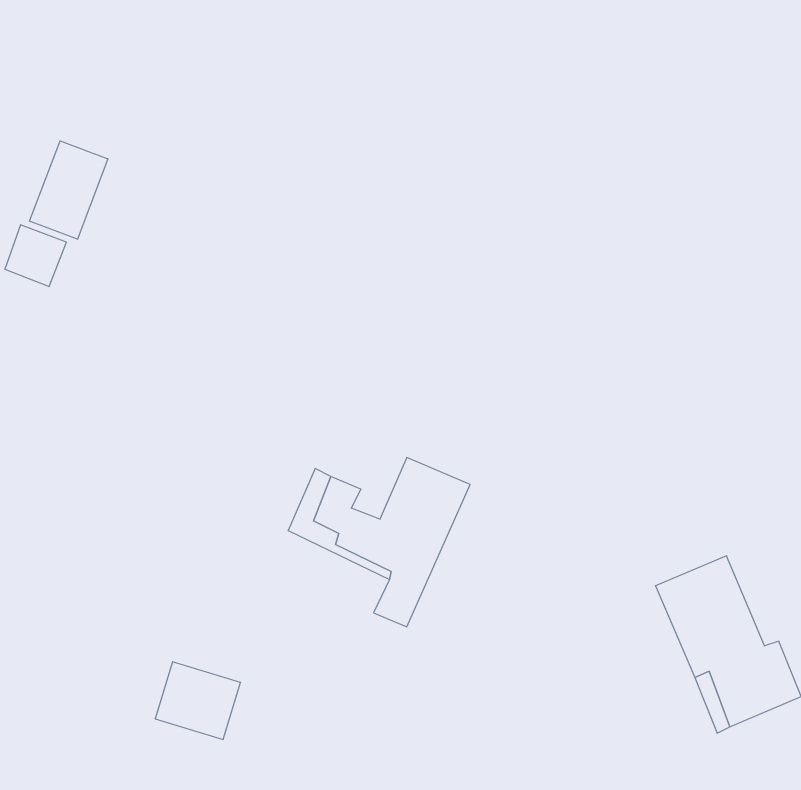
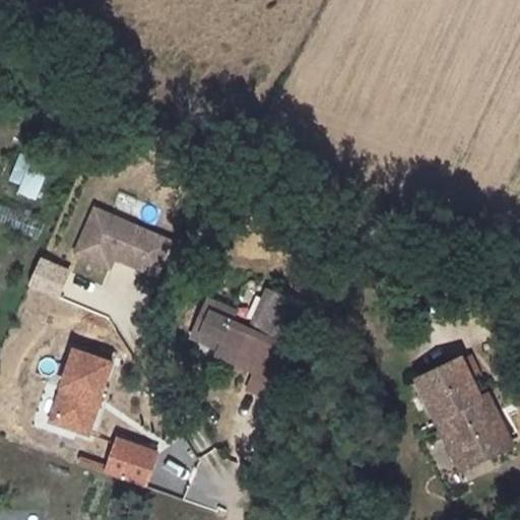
building: [30,141,108,239] -> none
building: none -> [74,207,171,274]
building: none -> [53,352,111,437]

